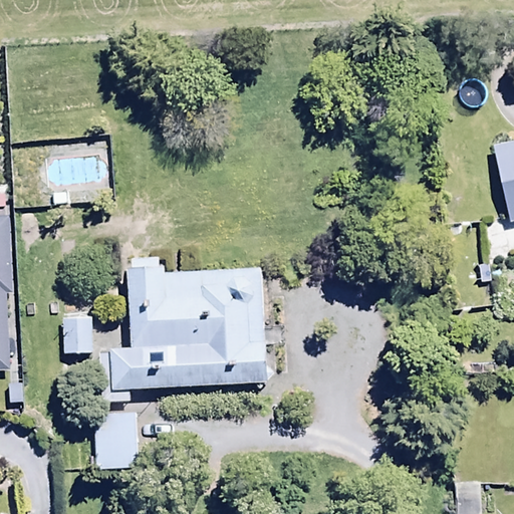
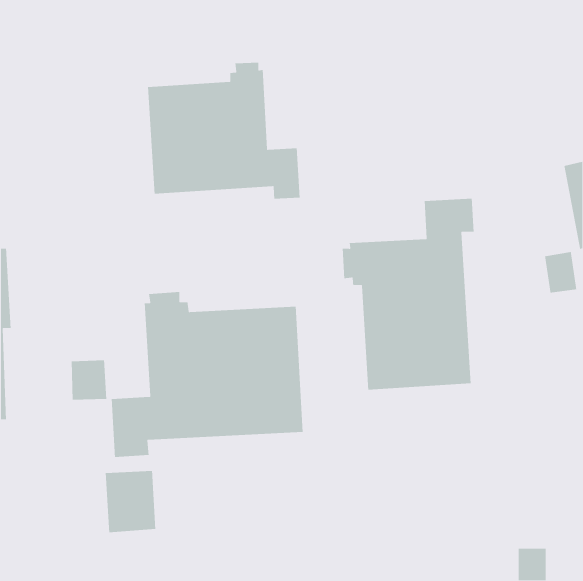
building: none -> [147,62,301,199]
building: none -> [342,198,474,390]

